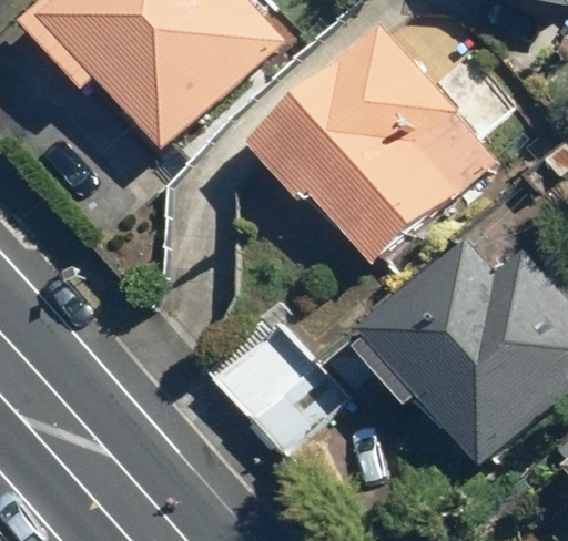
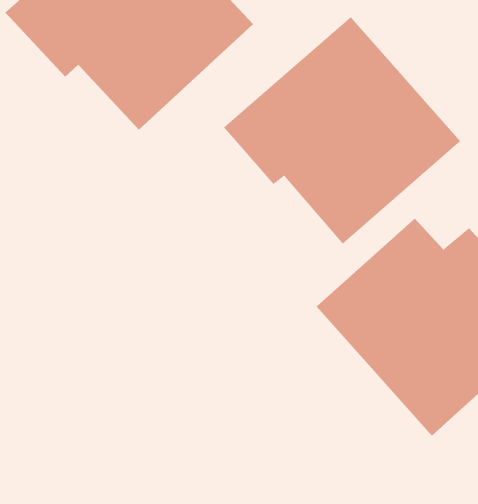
building: [215,324,342,452] -> none

